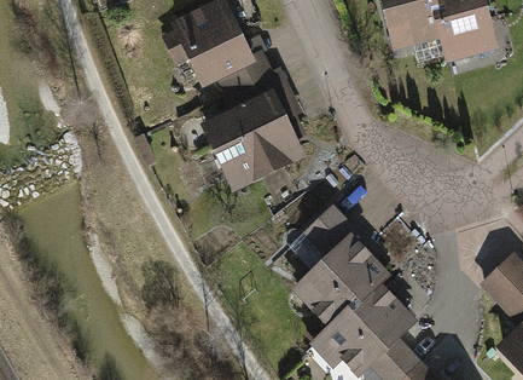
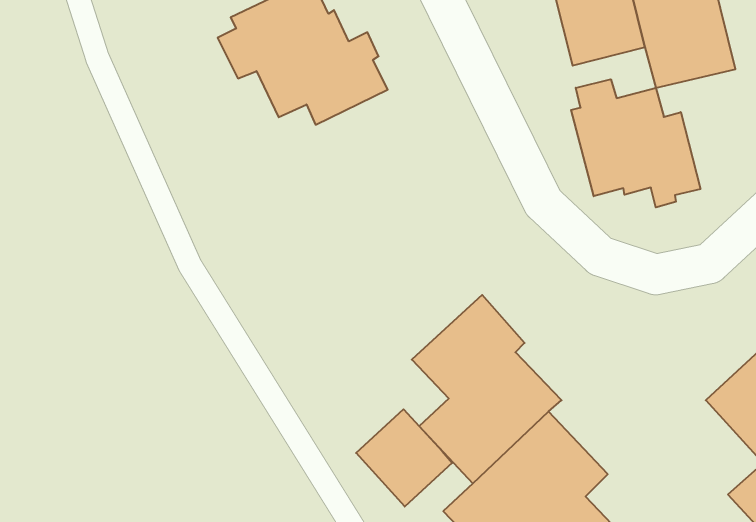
building: none -> [571,79,700,207]
building: [201,65,307,194] -> none
building: none -> [356,409,452,507]

